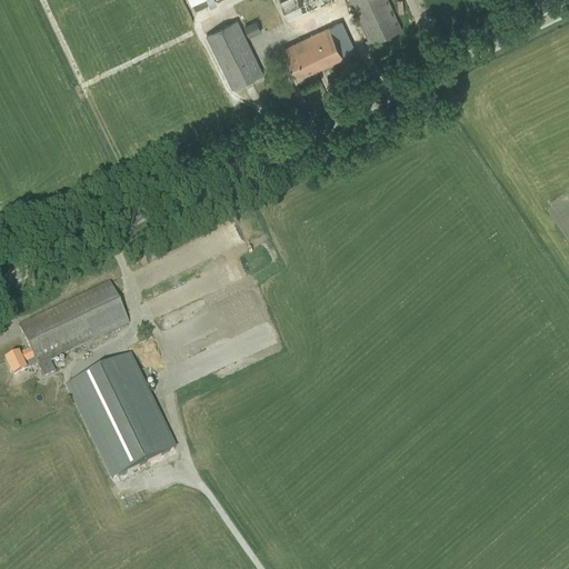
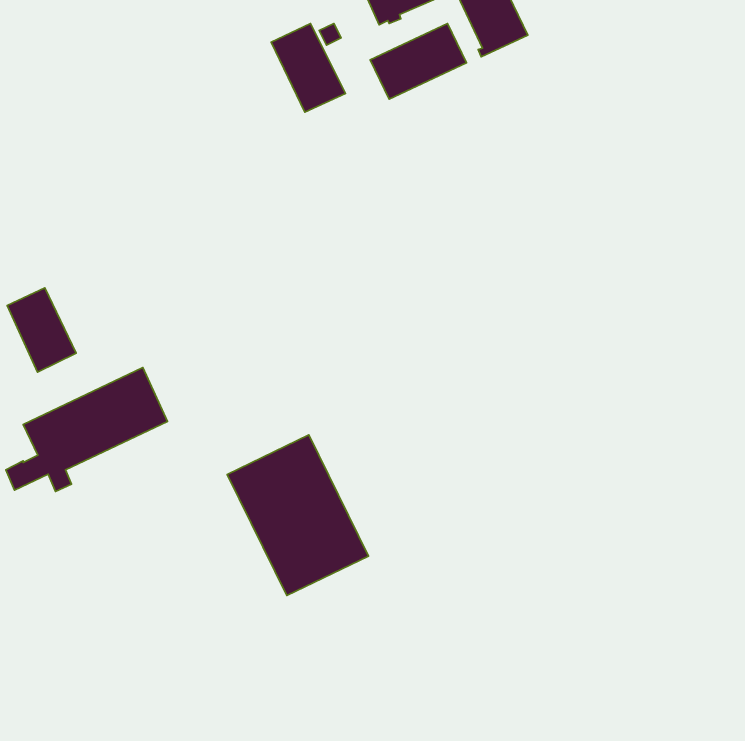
building: none -> [7,288,76,372]
building: [67,353,174,476] -> [227,435,368,595]

